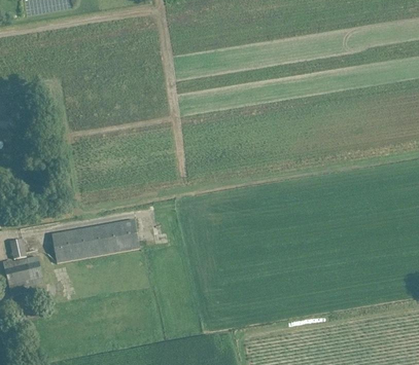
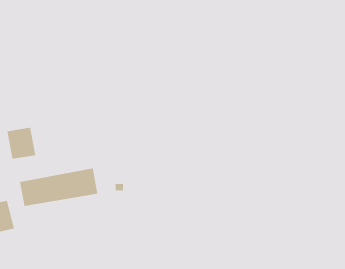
building: none -> [7,127,36,160]

